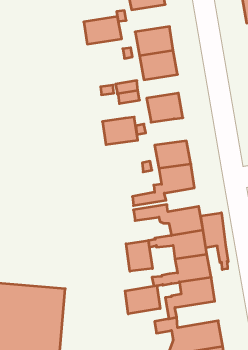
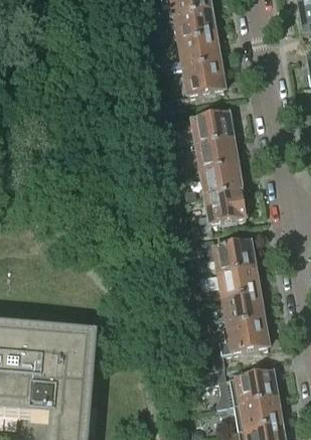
building: [84,17,122,44] -> [174,10,217,41]
building: [102,117,138,145] -> [196,139,237,170]
building: [201,213,228,270] -> none
building: [126,240,152,271] -> none
building: [125,286,160,314] -> none

